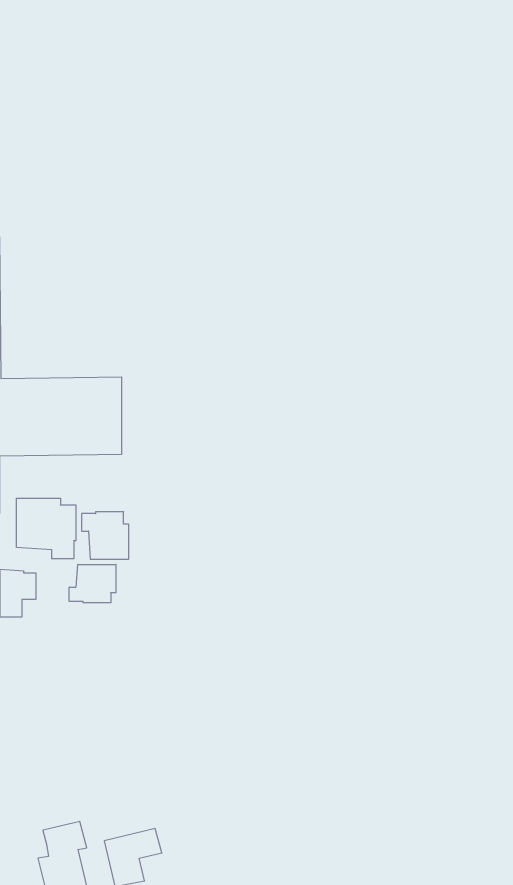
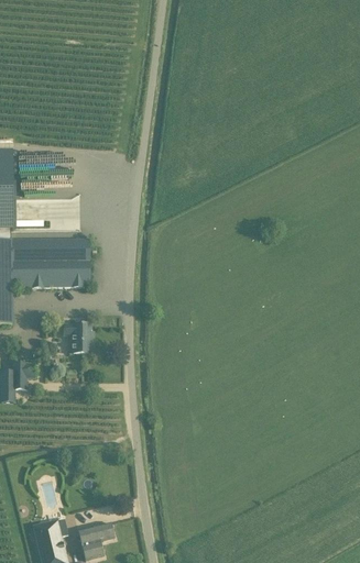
building: [17,498,76,559] -> none
building: [69,564,116,603] -> none

